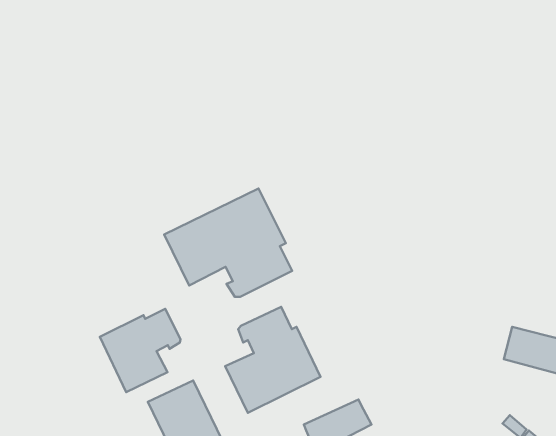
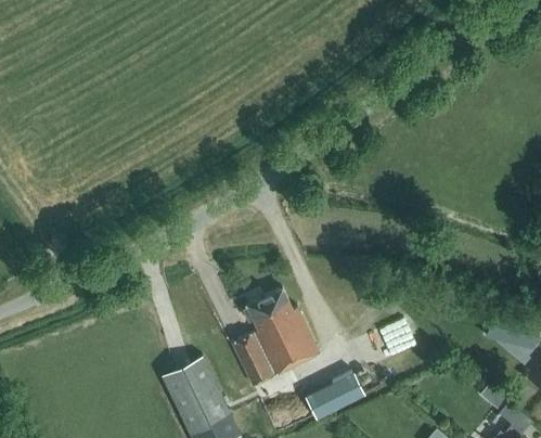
building: [164,189,292,297] -> none
building: [100,309,180,392] -> none

